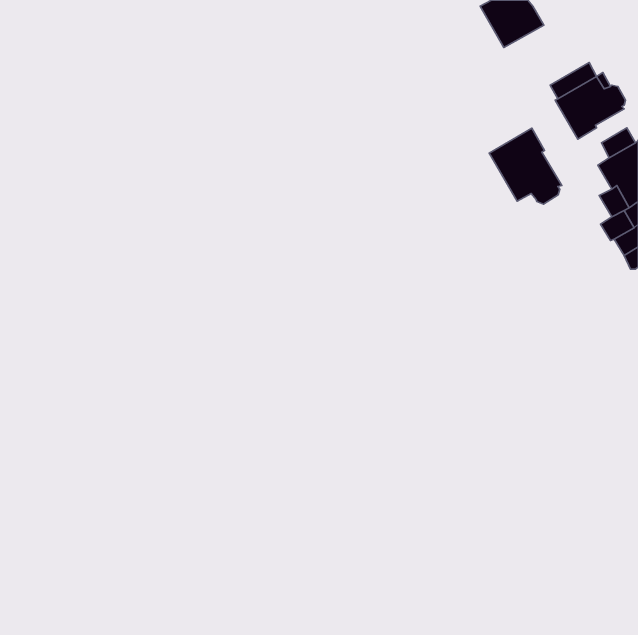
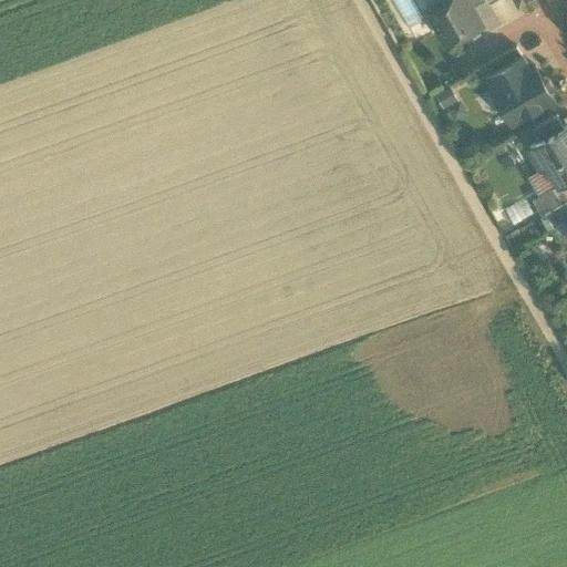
building: [489,128,562,204] -> none

